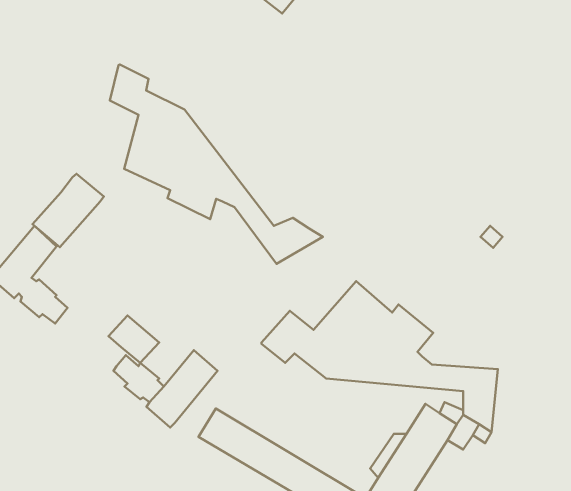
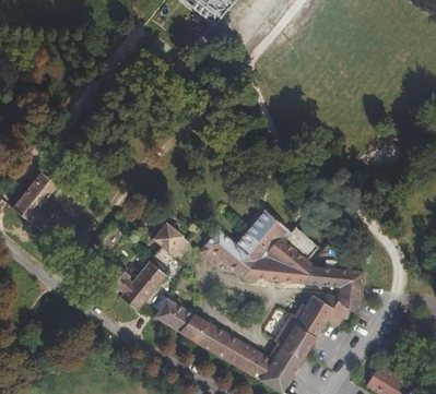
building: [110,64,323,264] -> none
building: [33,174,104,247] -> none
building: [109,316,159,363] -> [153,224,188,256]

